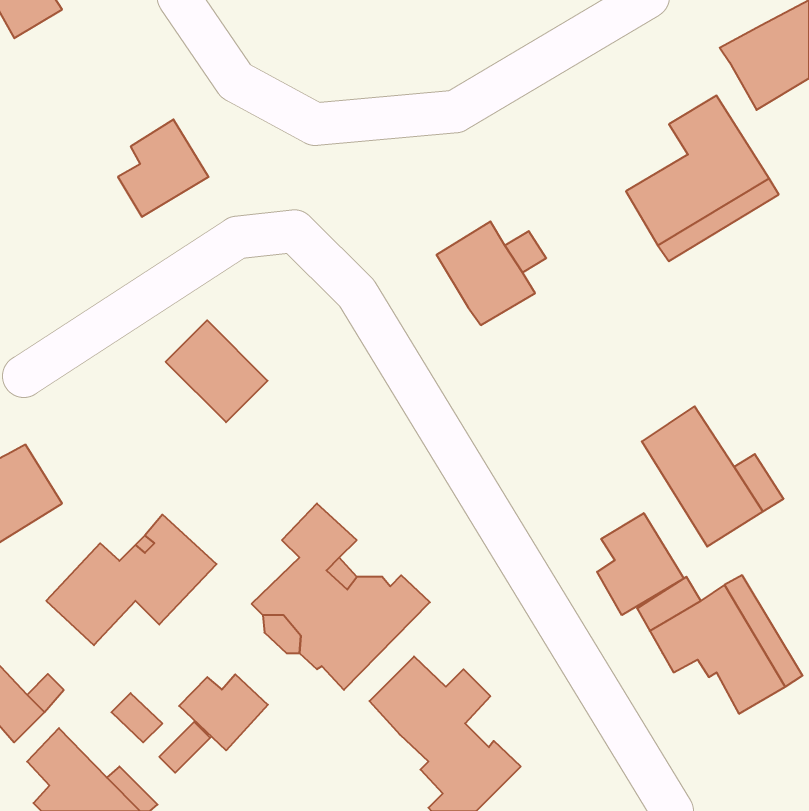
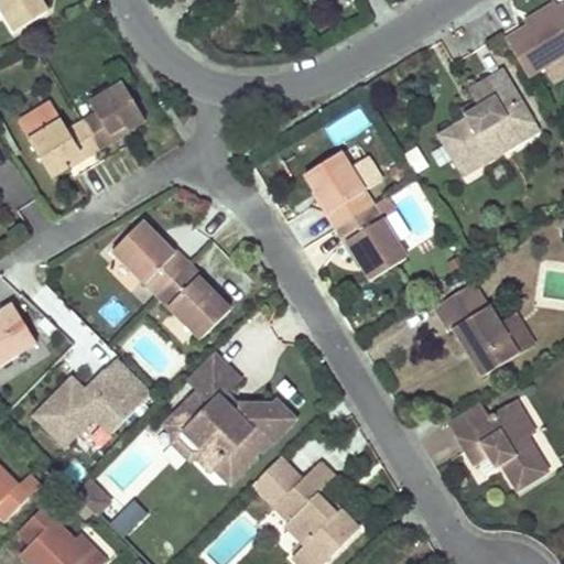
building: none -> [18,99,98,176]
building: none -> [333,203,403,280]
building: none -> [156,263,230,337]
building: [597,513,684,615] -> none
building: [179,674,268,750] -> none

